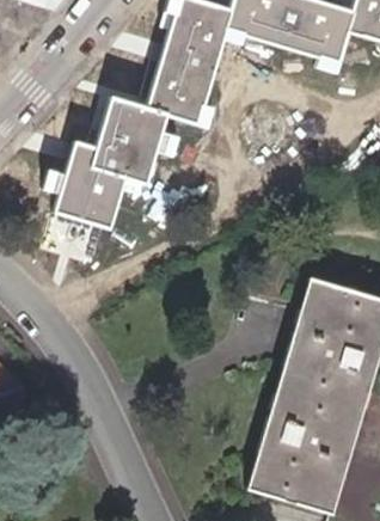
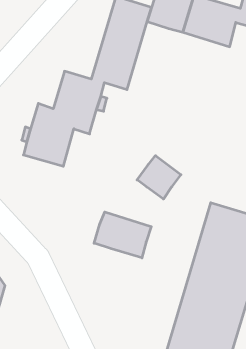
building: none -> [137,156,181,199]
building: none -> [94,212,151,258]

